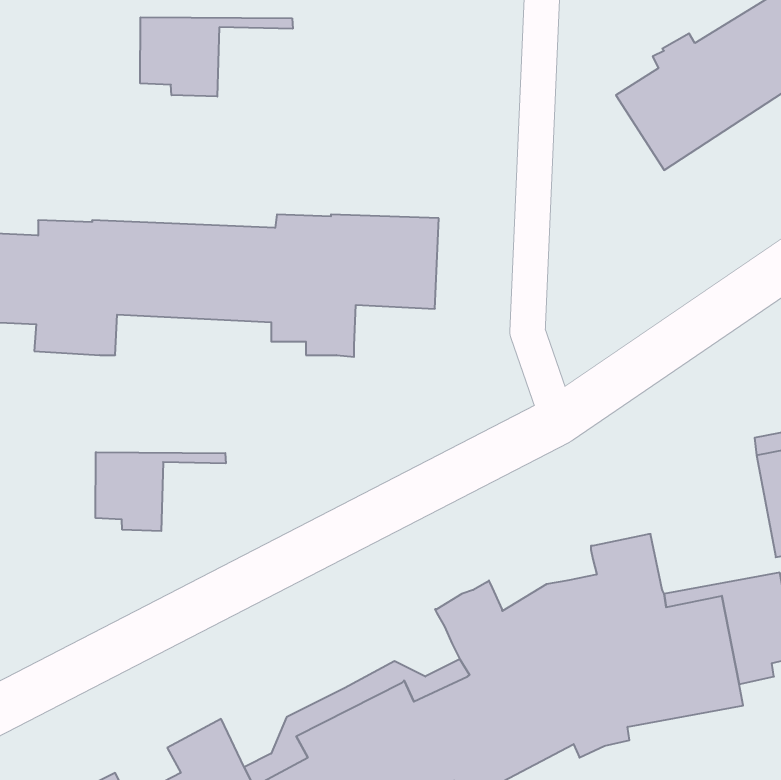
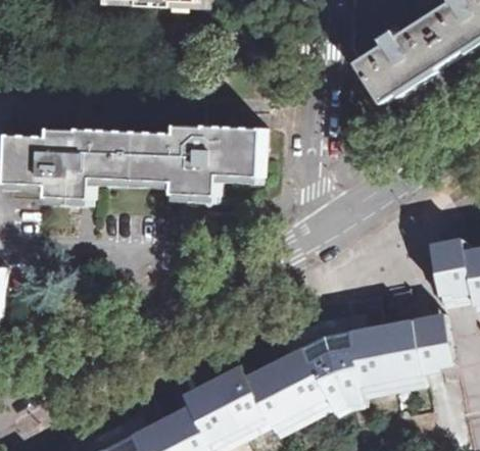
building: [140,17,293,97] -> none
building: [96,452,226,531] -> none

